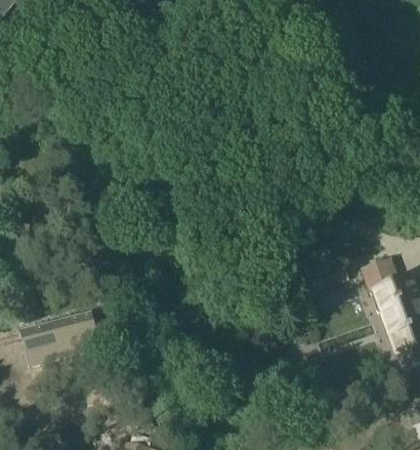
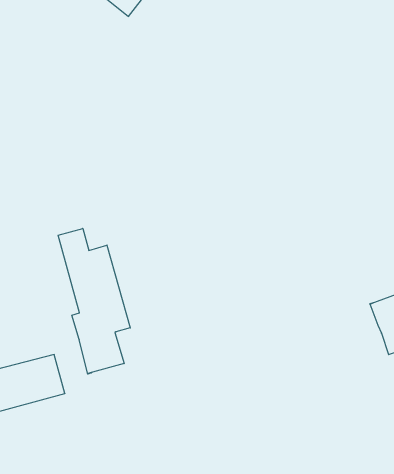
building: none -> [58,228,130,374]

